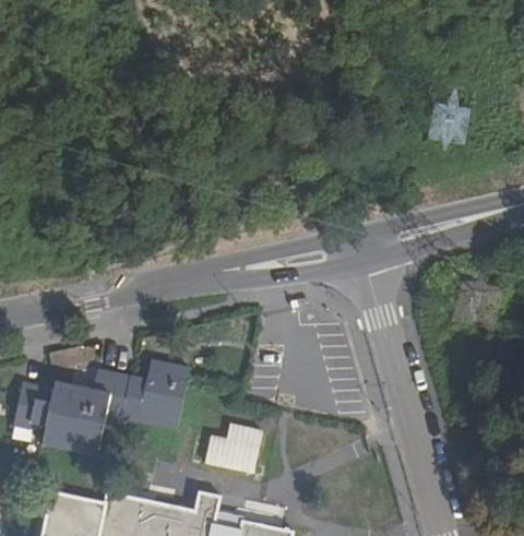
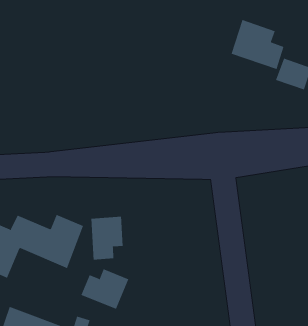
building: none -> [231,19,284,70]
building: none -> [91,216,123,260]

